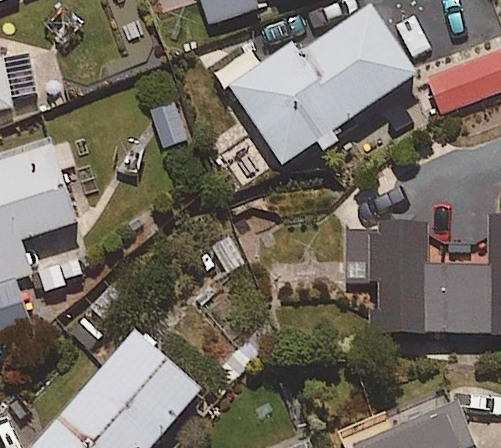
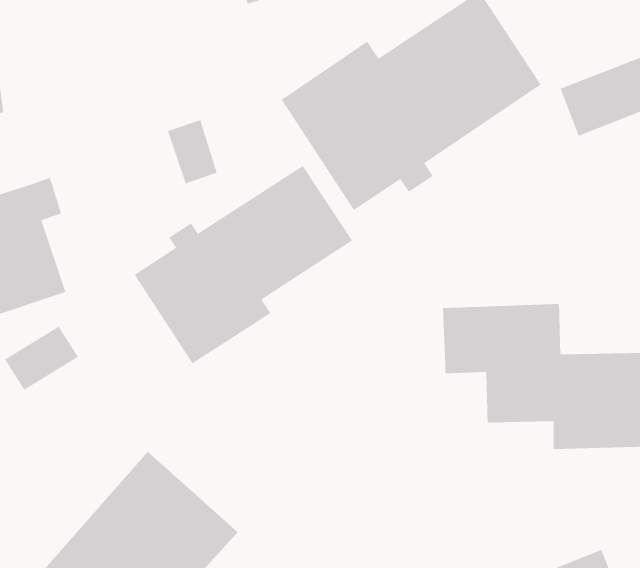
building: none -> [134,165,353,364]

